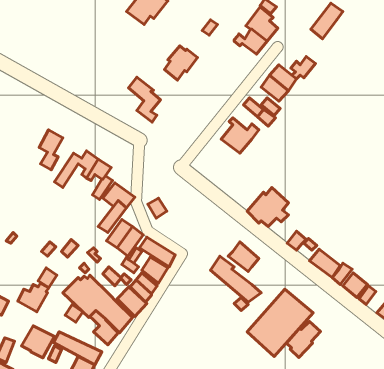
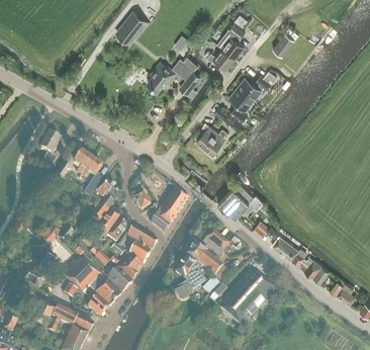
building: [129,77,160,122] -> [172,58,199,96]
building: none -> [150,185,187,232]
building: none -> [173,254,204,300]
building: [286,322,321,357] -> none

